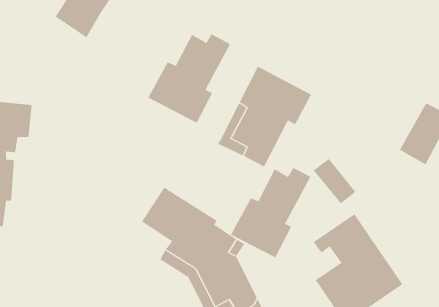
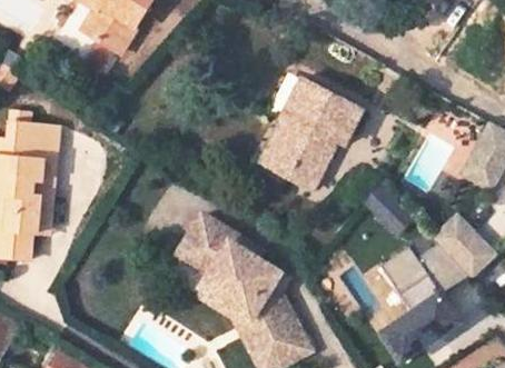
building: [148,34,231,124] -> none
building: none -> [33,161,58,231]
building: [230,167,311,258] -> none
building: none -> [428,215,493,278]

